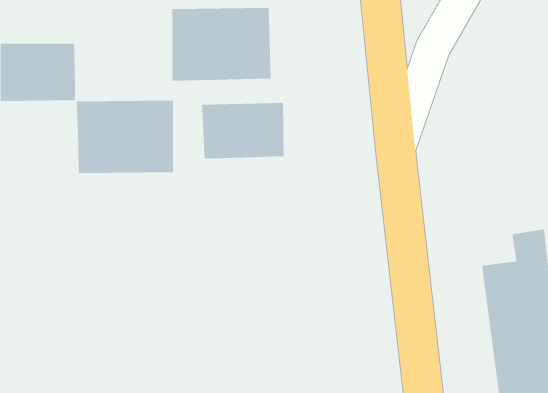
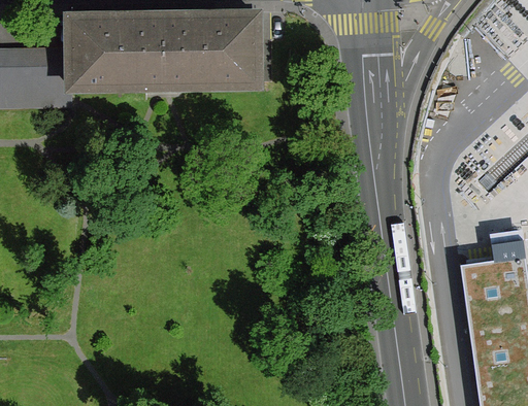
building: [76,100,174,174] -> [71,16,165,88]
building: [201,102,285,159] -> none

